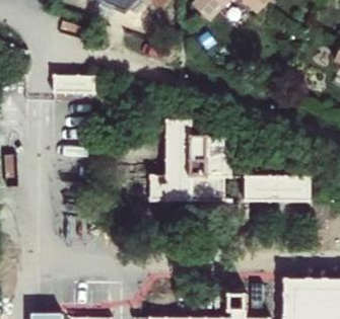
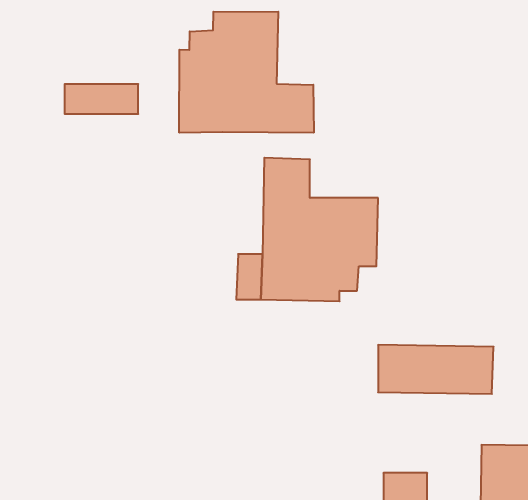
building: none -> [179,12,314,133]
building: [243,172,310,201] -> [378,345,494,394]

